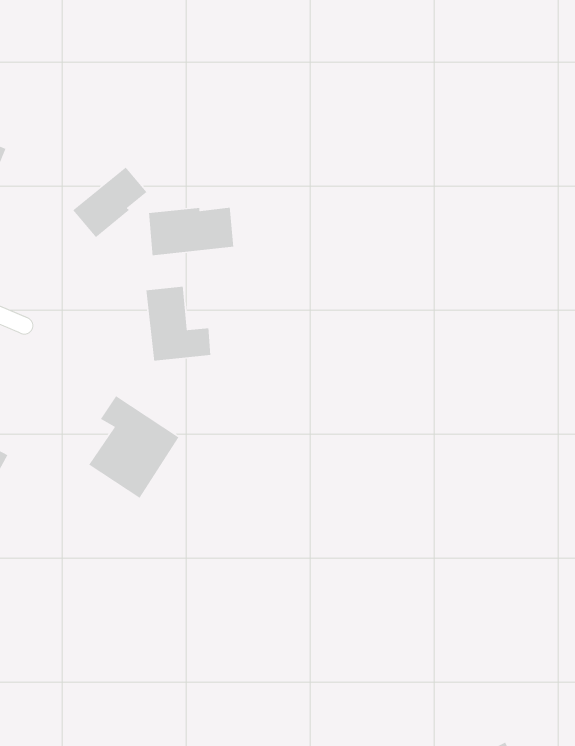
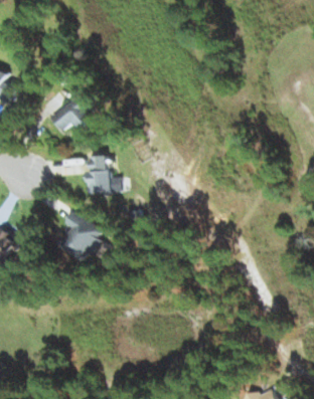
building: [148,207,234,256] -> none

